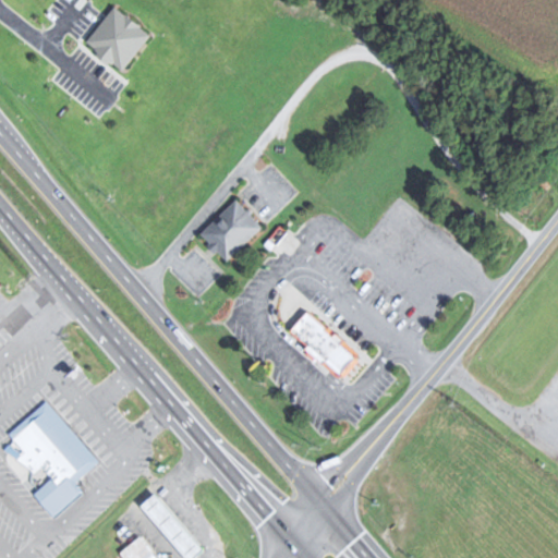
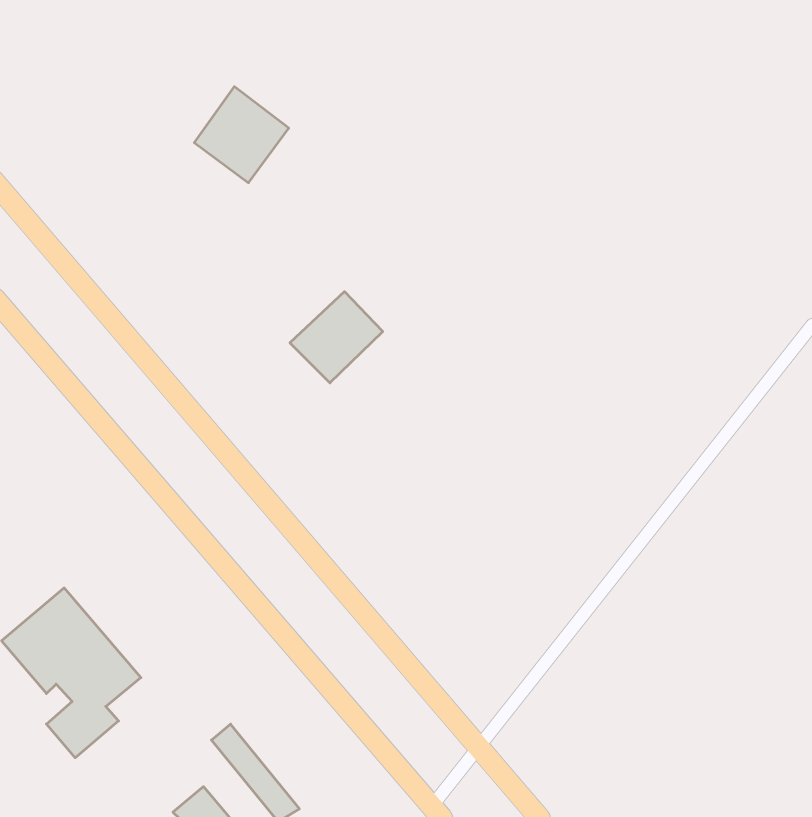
building: [86,5,150,71] -> [194,87,289,183]
building: [288,311,363,378] -> none

